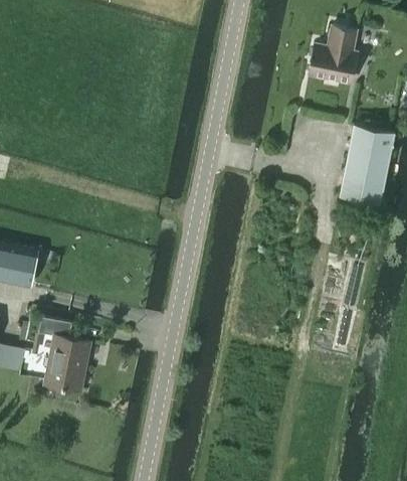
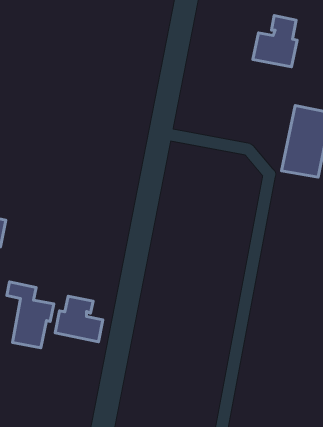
building: none -> [55,296,103,342]

